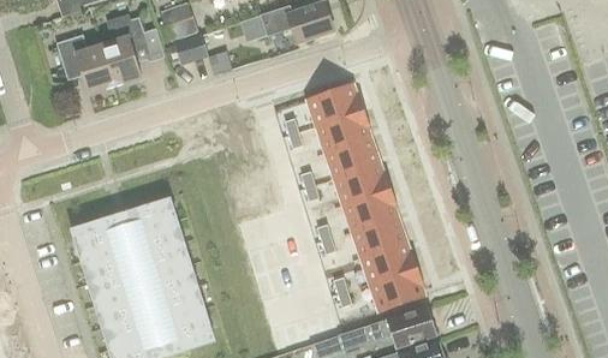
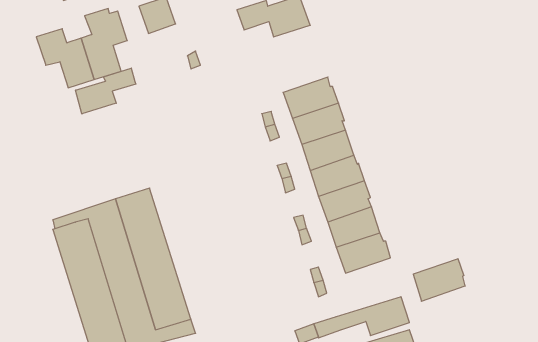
building: [172,30,208,65] -> none
building: none -> [76,68,136,114]
building: [370,267,423,310] -> [413,259,465,301]

